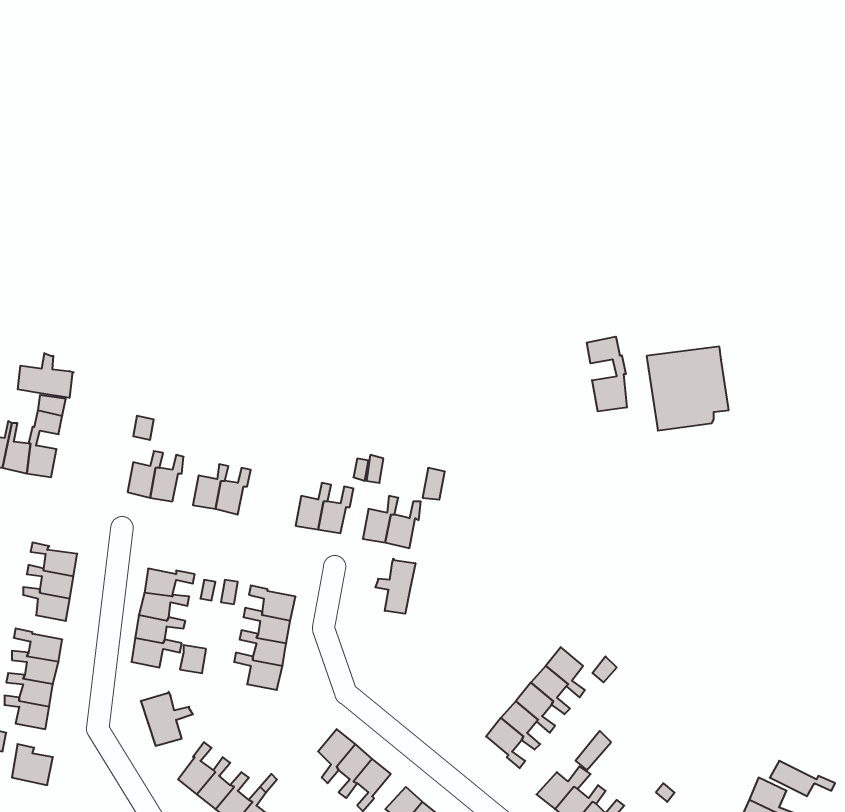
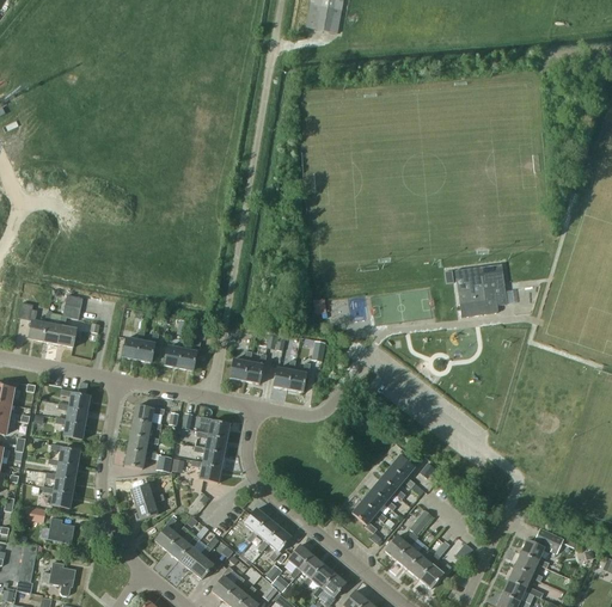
building: [587,337,627,411] -> none
building: [18,353,74,398] -> none
building: [375,559,415,614] -> none

